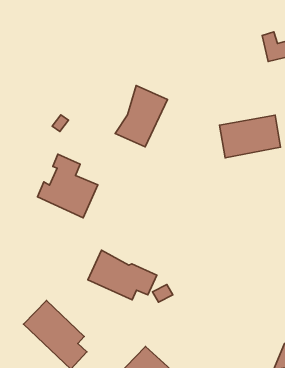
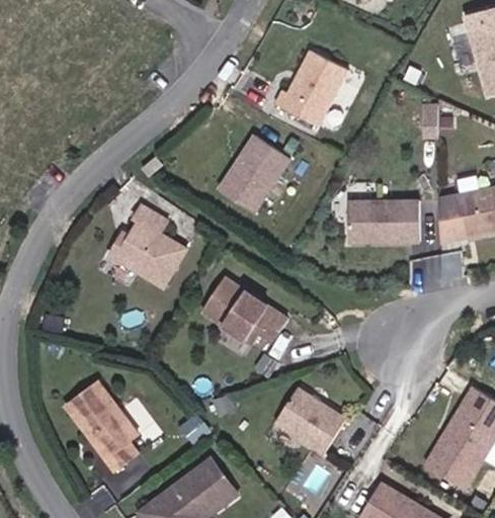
building: none -> [275,49,349,126]
building: [88,250,157,300] -> [201,276,287,344]
building: none -> [275,388,345,453]

